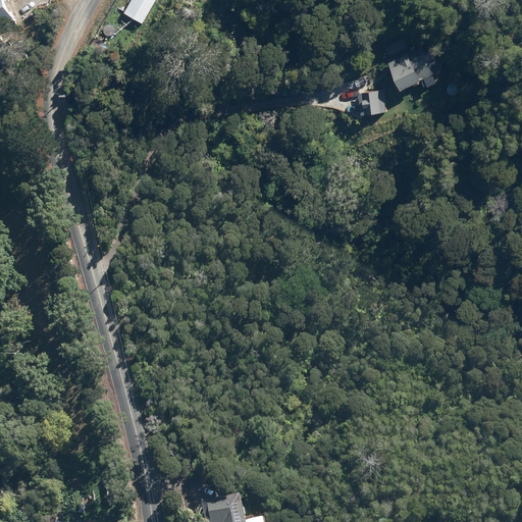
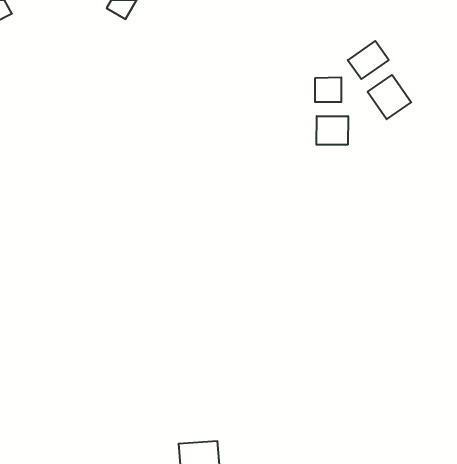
building: none -> [368,75,411,119]
building: none -> [316,116,348,145]

